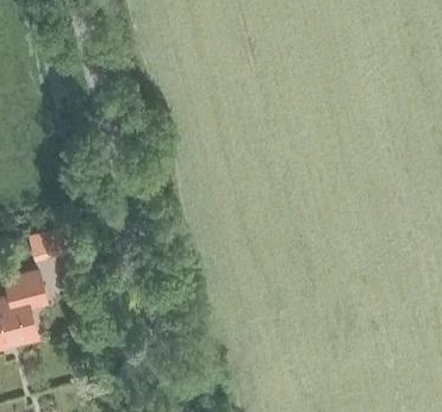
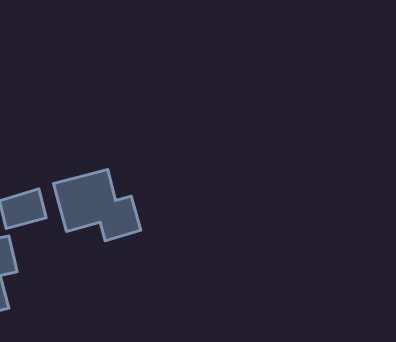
building: none -> [53,169,141,241]

